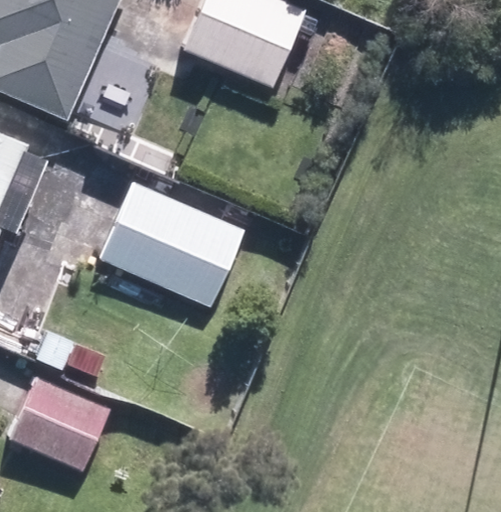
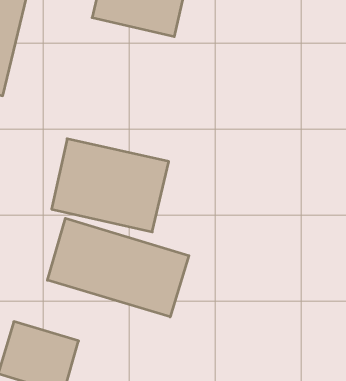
building: none -> [47,218,189,317]

